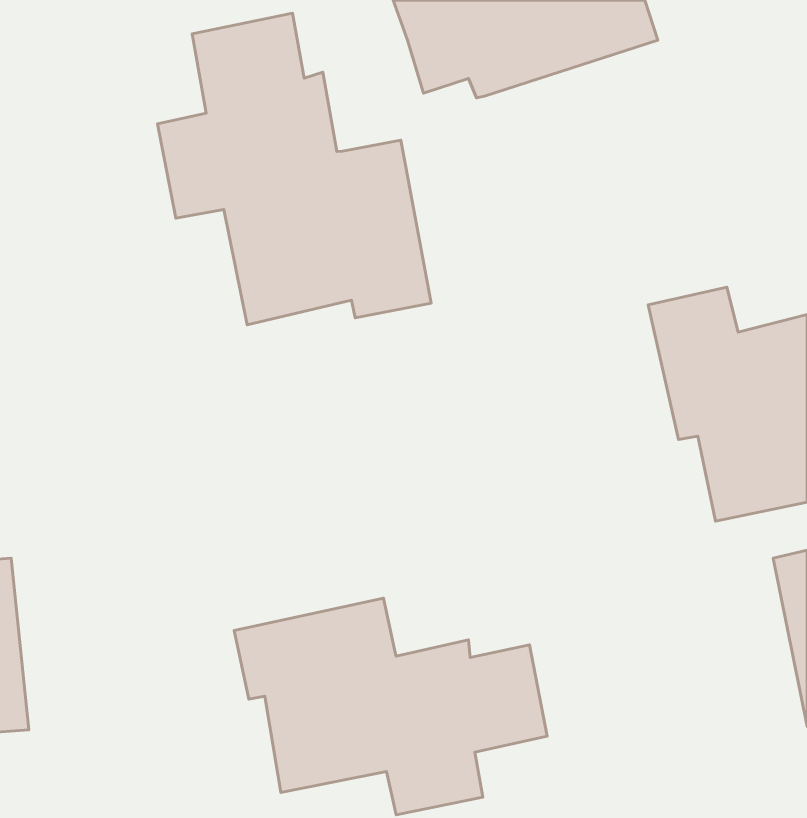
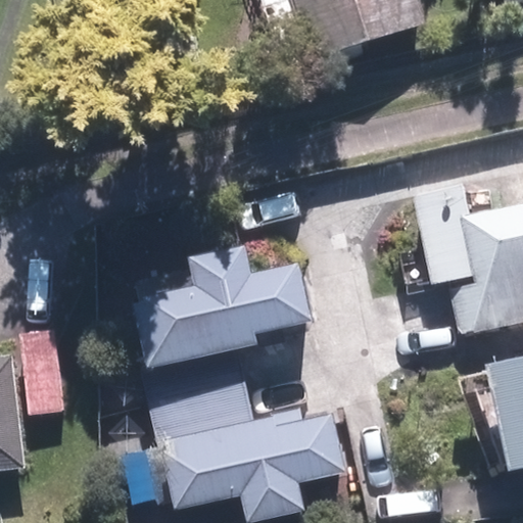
building: [157,13,431,325] -> none
building: none -> [137,245,316,402]

